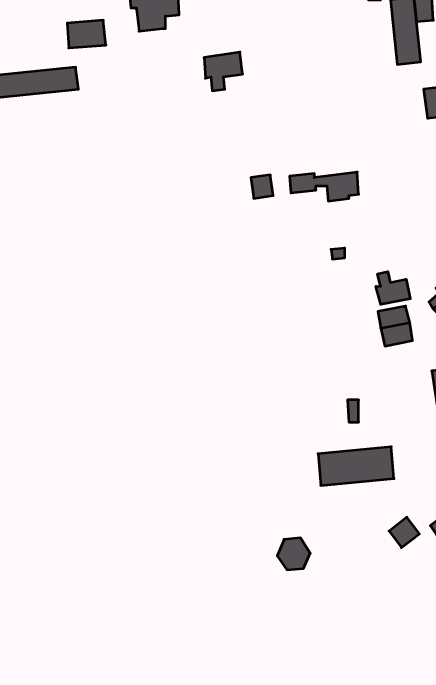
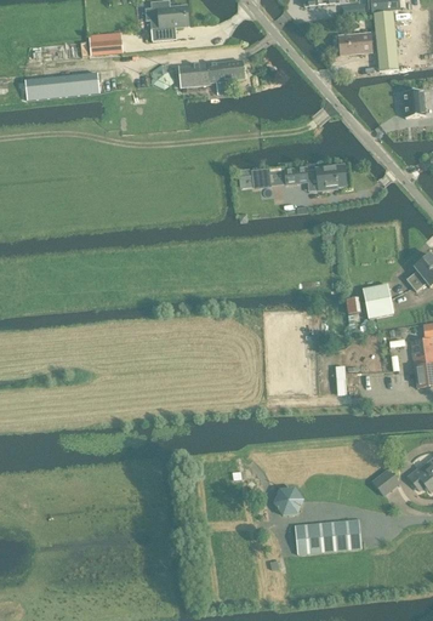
building: none -> [340,33,372,53]
building: none -> [180,63,211,86]
building: [376,272,410,304] -> none
building: [318,447,394,485] -> [295,519,361,553]

